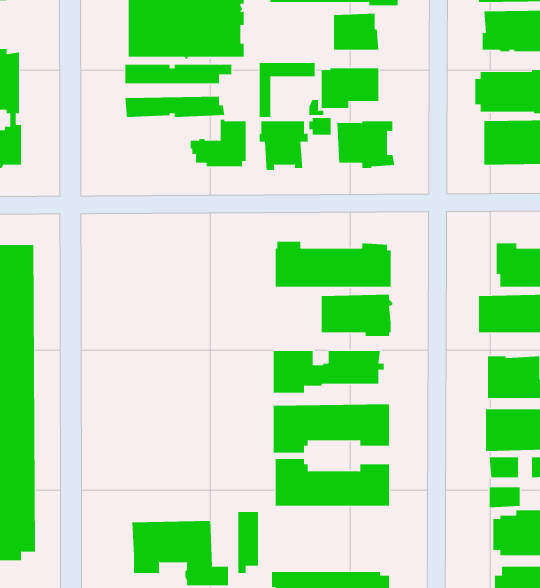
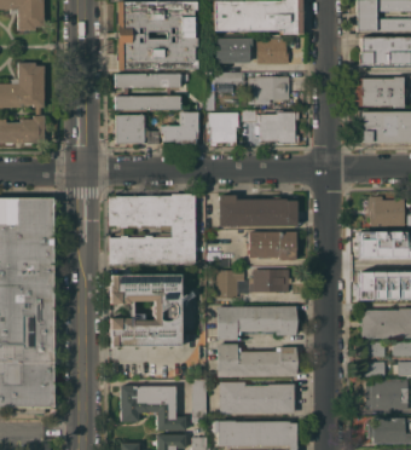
building: none -> [215,39,250,63]
building: none -> [115,115,158,144]
building: none -> [110,194,196,264]
building: none -> [110,275,186,347]
building: none -> [219,381,295,414]

